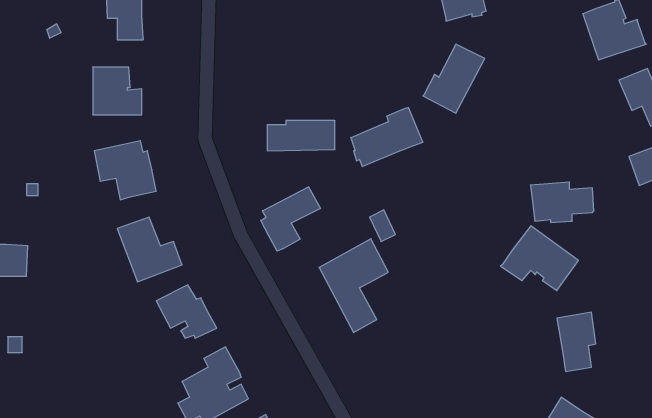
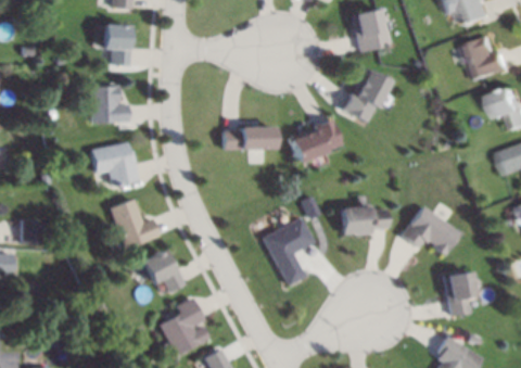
building: [530,182,594,223] -> [341,205,389,236]
building: [261,187,320,251] -> none

